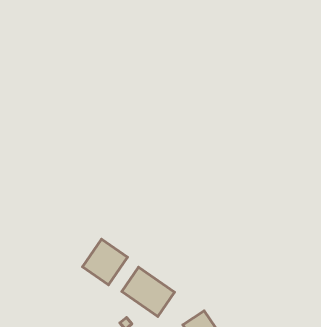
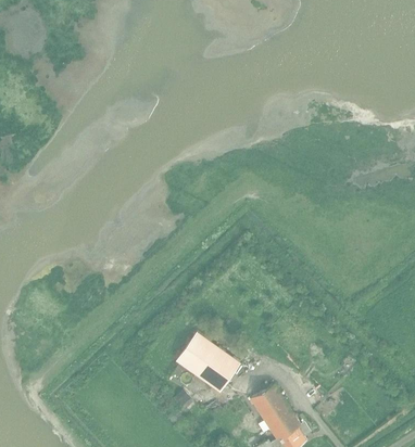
building: [82,239,128,285] -> none

